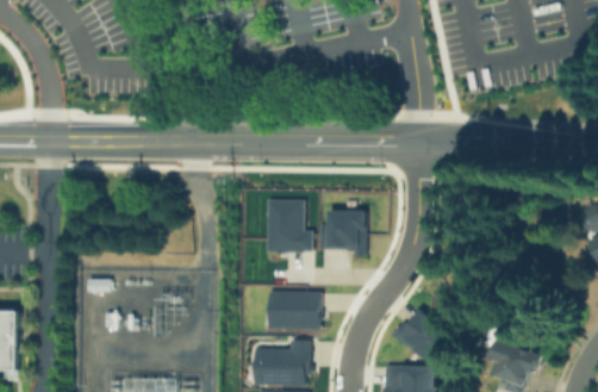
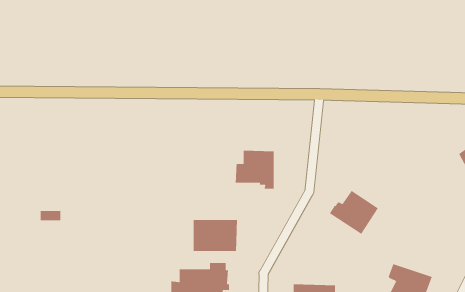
building: [264,200,310,254] -> none
building: [390,309,448,361] -> [329,190,379,235]

